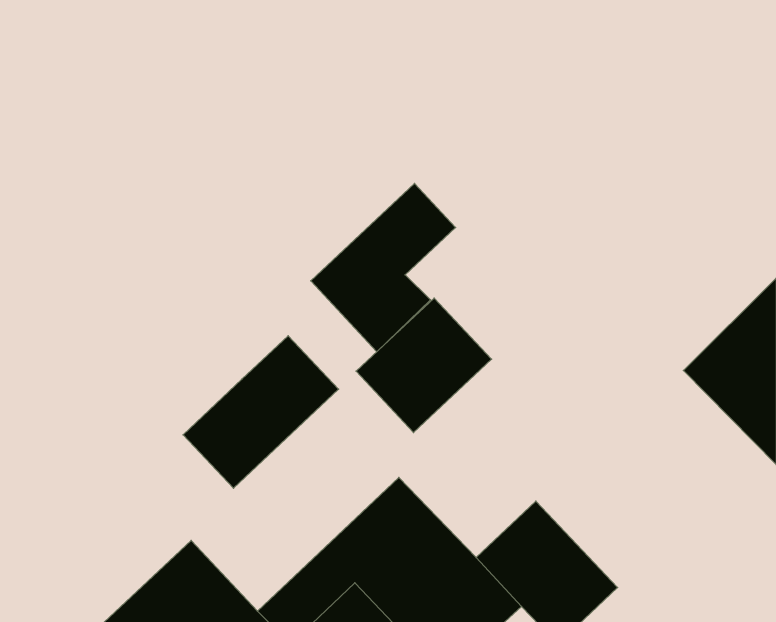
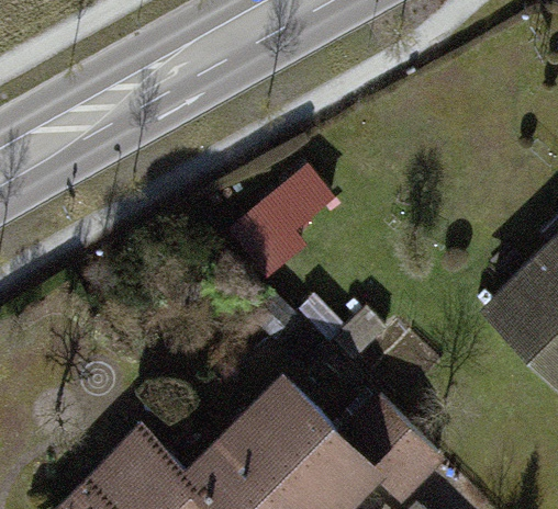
building: [356,298,491,432] -> none
building: [183,336,339,488] -> none

